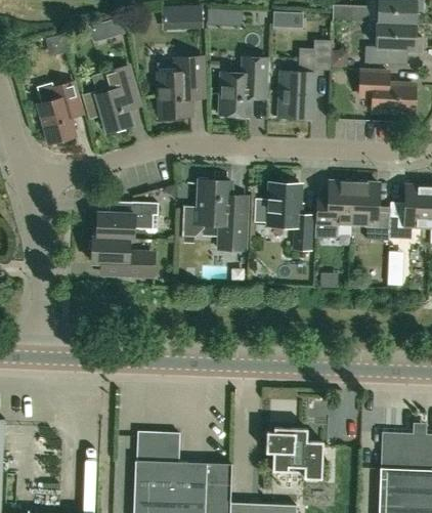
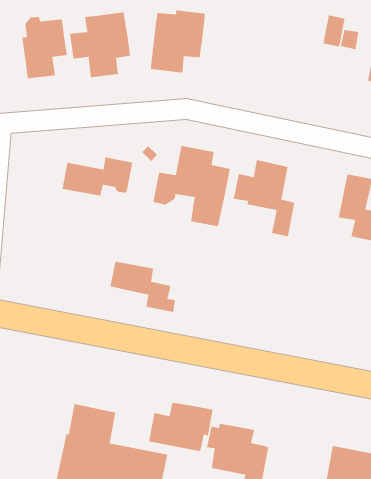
building: [219,56,267,119] -> none
building: [279,71,313,118] -> none
building: [314,181,354,238] -> none
building: [91,238,154,276] -> [109,261,176,313]
building: none -> [148,402,214,452]

